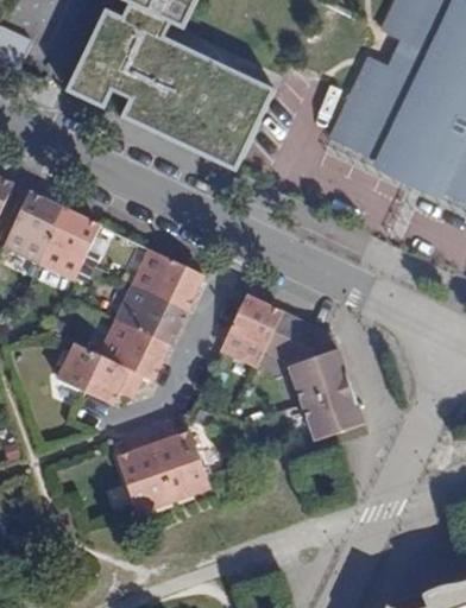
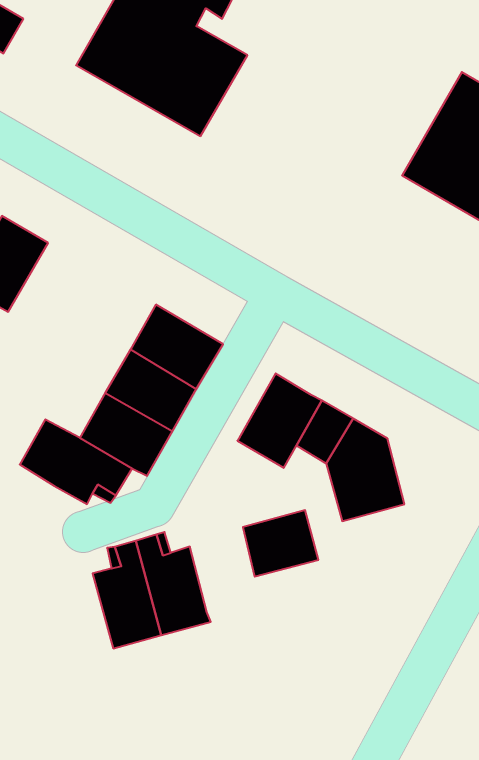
building: [67,56,275,172] -> none
building: [38,210,101,283] -> none
building: [304,387,364,441] -> [243,510,318,577]

